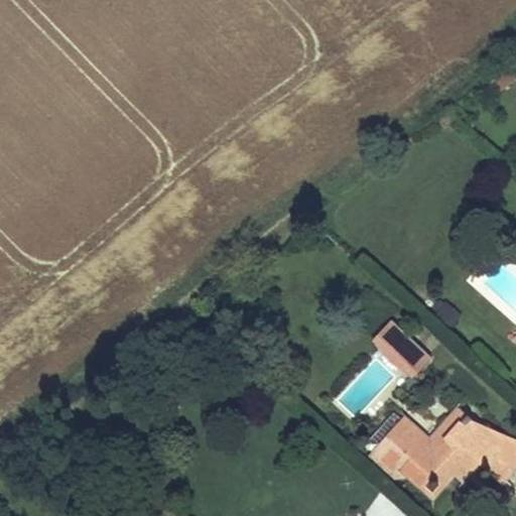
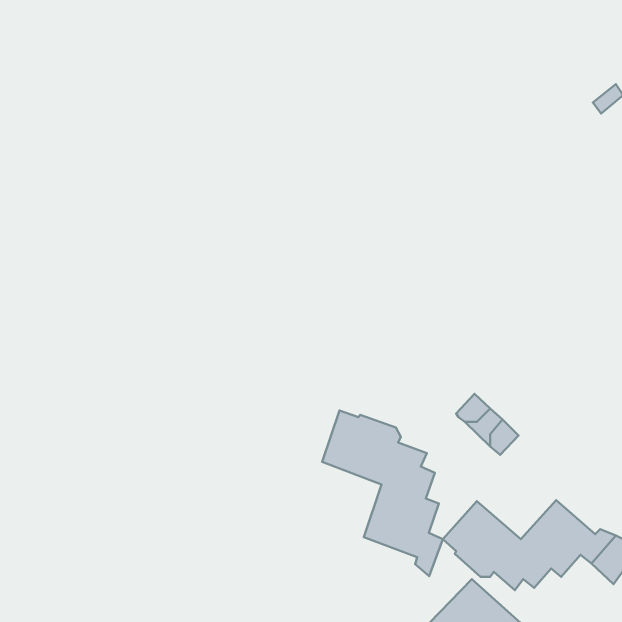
building: none -> [322,411,443,576]

